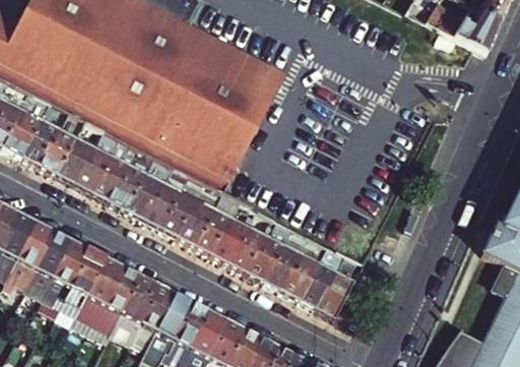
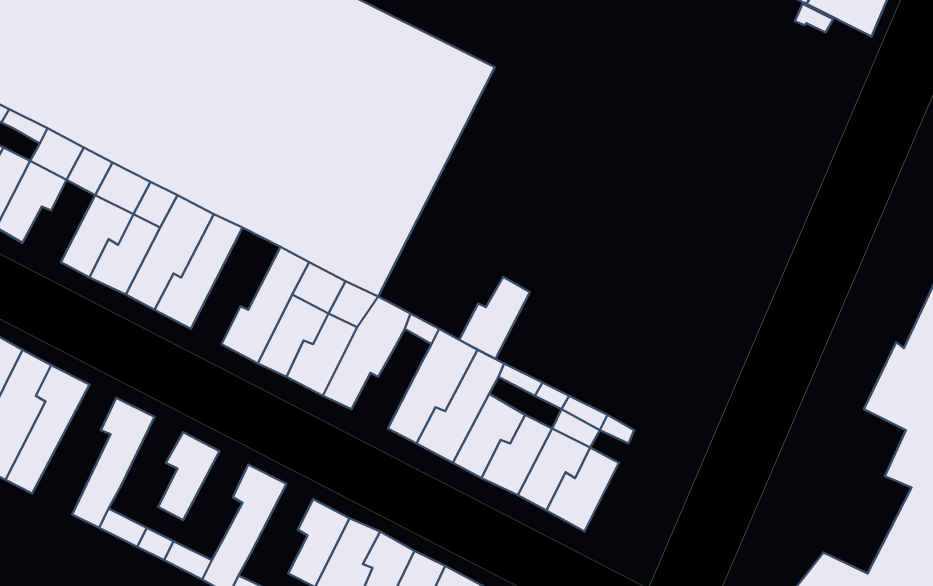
building: [35,131,73,175] -> none
building: [124,157,172,219] -> none
building: [209,220,247,263] -> [459,277,530,359]
building: [40,240,84,309] -> none
building: [86,257,120,305] -> none
building: [120,276,154,322] -> none
building: [155,293,189,341] -> none

